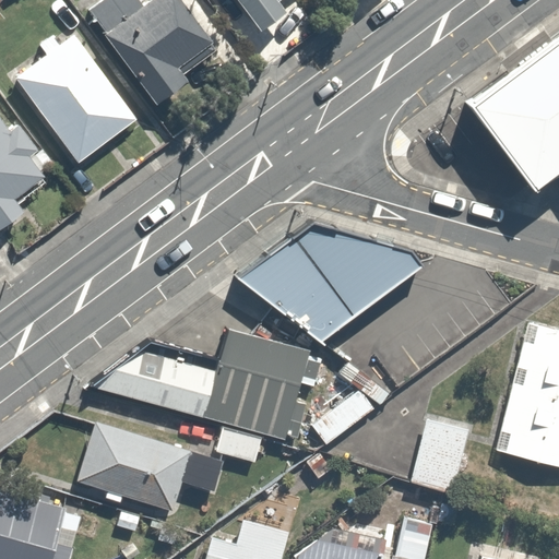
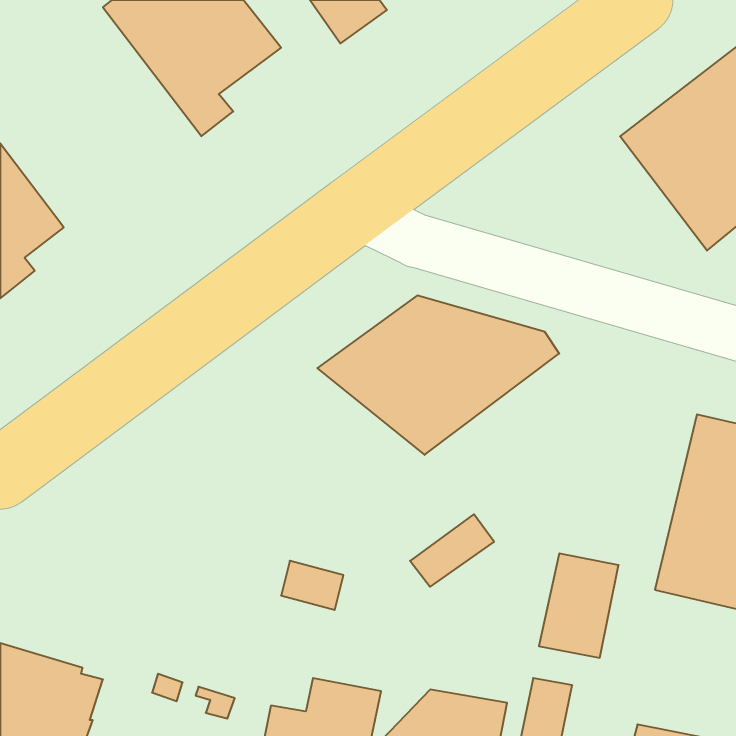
building: [10,29,138,163] -> none
building: [90,328,322,440] -> none
building: [76,420,223,511] -> none

